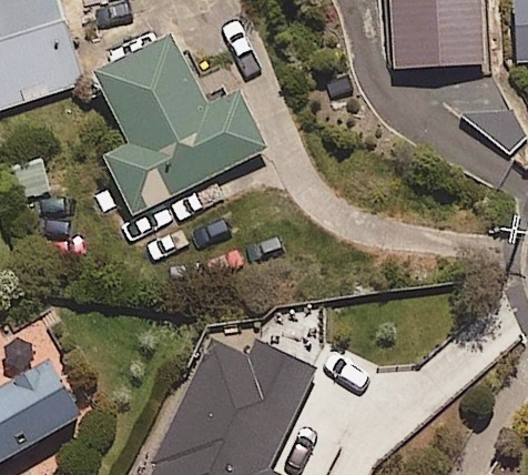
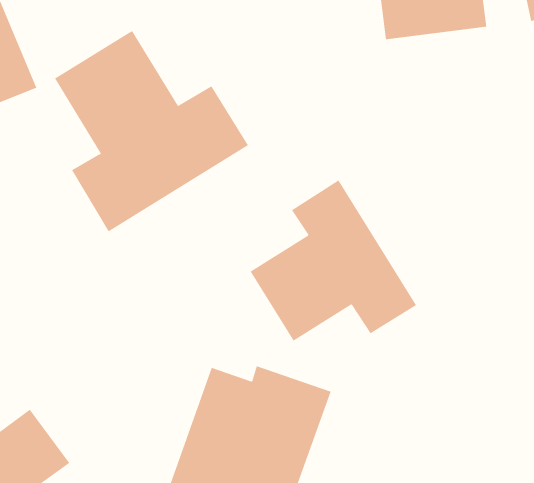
building: none -> [250,180,417,342]

